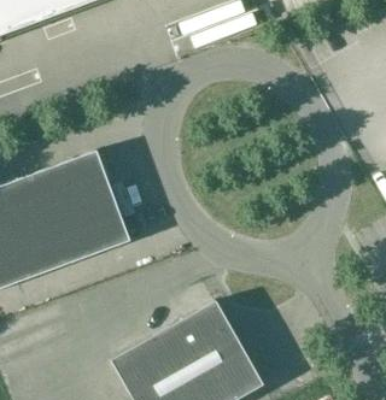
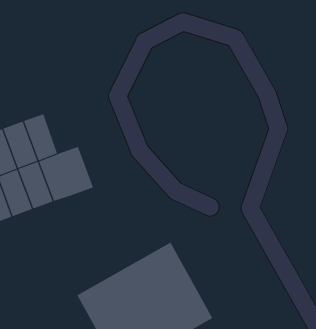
building: [75,151,113,204] -> none

